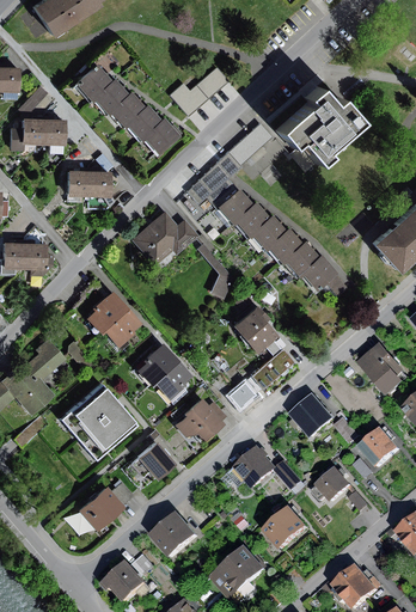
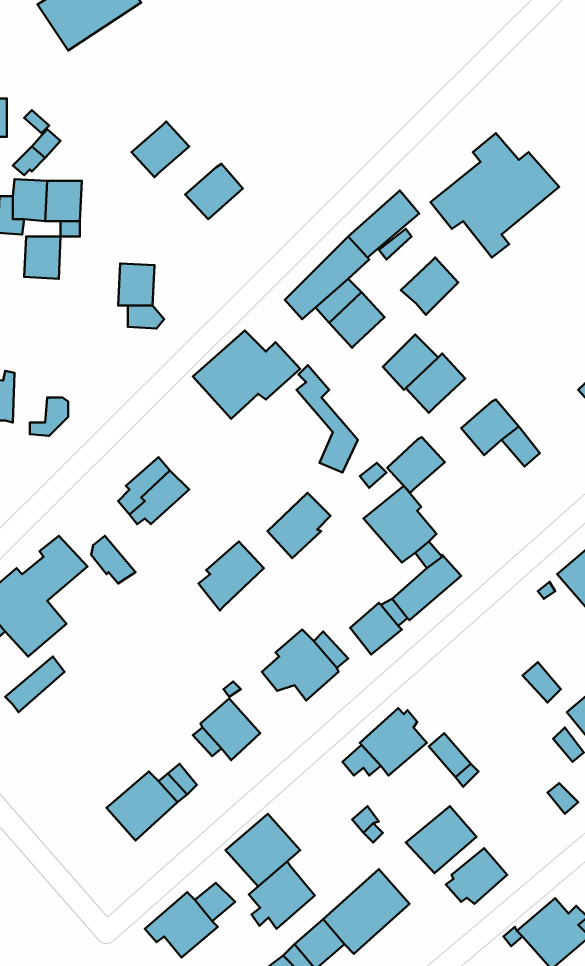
building: [73,65,111,102] -> none
building: [170,66,228,116] -> none
building: [109,93,145,128] -> none
building: [141,120,182,157] -> none
building: [62,169,85,195] -> [24,237,61,279]
building: [231,200,267,235] -> [401,257,458,315]
building: [18,237,39,268] -> none
building: [281,239,317,274] -> [387,437,445,493]
building: [104,310,137,345] -> none
building: [149,359,189,399] -> [267,493,331,558]
building: [61,385,137,461] -> none
building: [289,393,335,437] -> none
building: [314,469,353,503] -> [446,848,507,904]
building: none -> [249,861,315,929]

